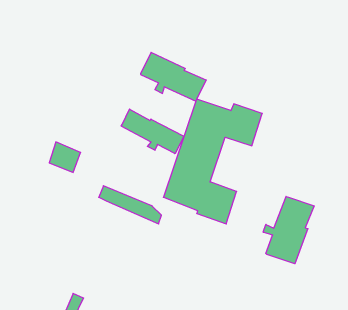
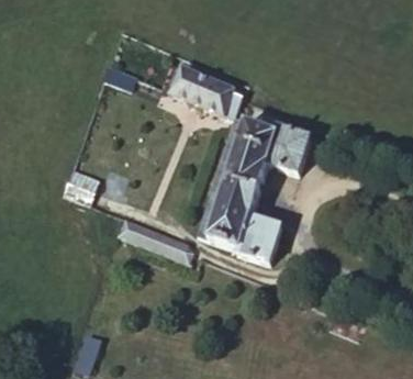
building: [121,109,184,154] -> none
building: [263,196,314,264] -> none

